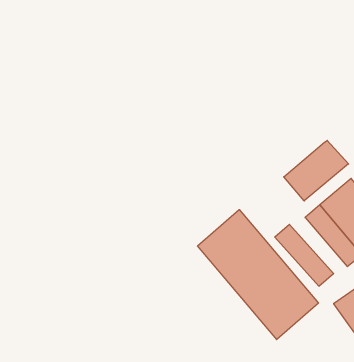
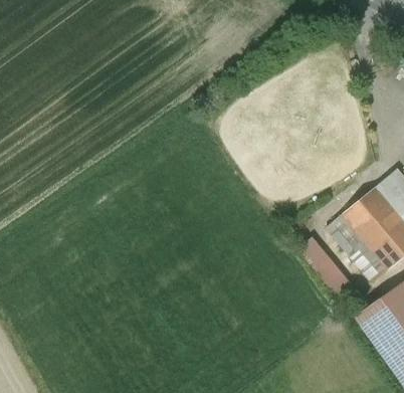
building: [284,140,349,201] -> none
building: [198,210,318,340] -> none

